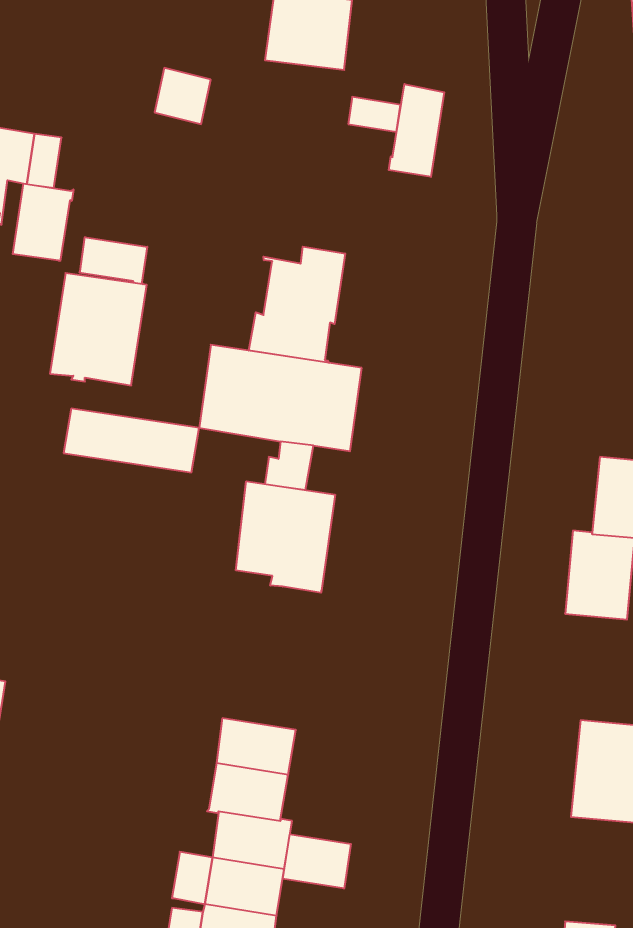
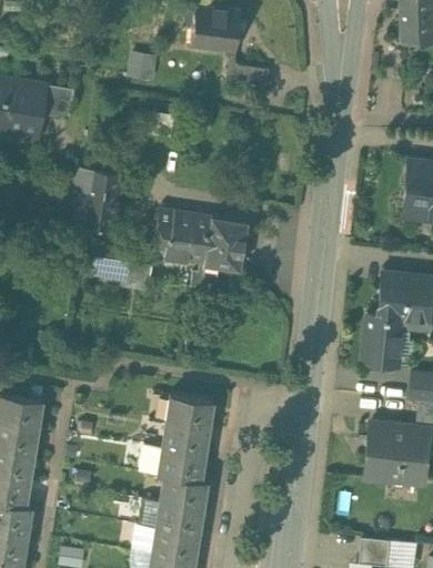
building: [389,84,444,177] -> none
building: [13,184,73,261] -> none
building: [80,237,147,284] -> none
building: [249,247,345,363] -> none
building: [236,481,335,593] -> none
building: none -> [167,395,212,429]
building: [283,834,351,889] -> none

